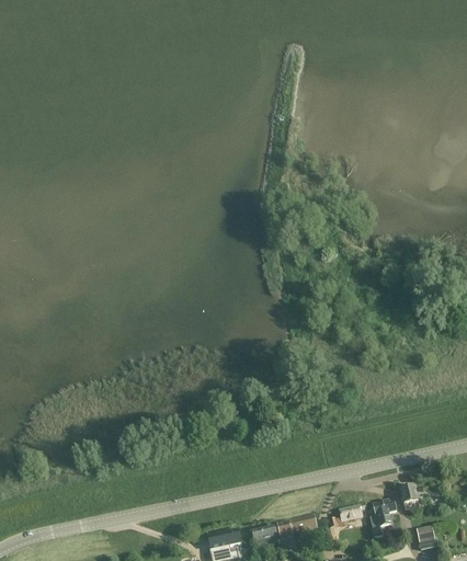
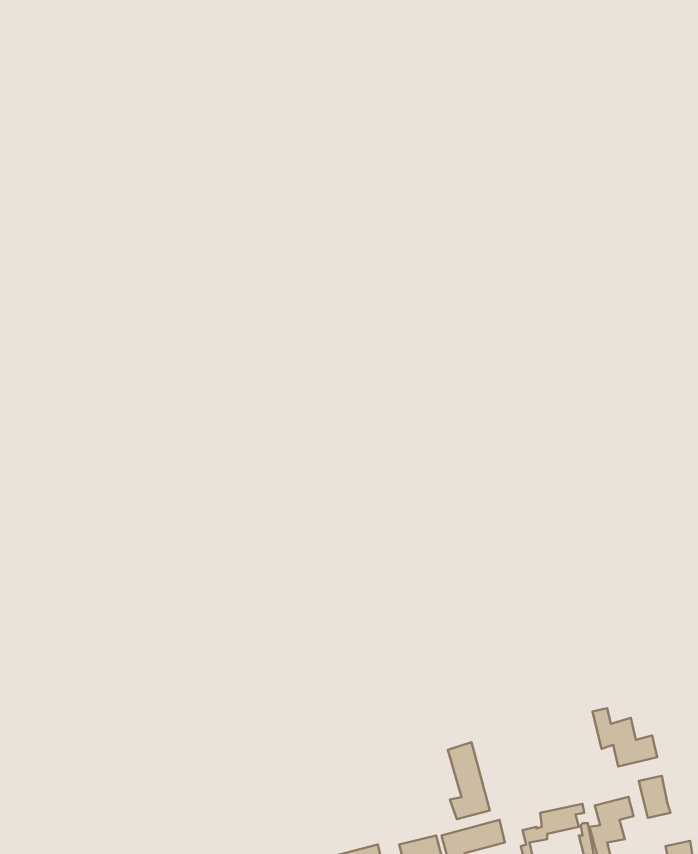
building: none -> [592,708,657,767]
building: none -> [448,742,490,819]

